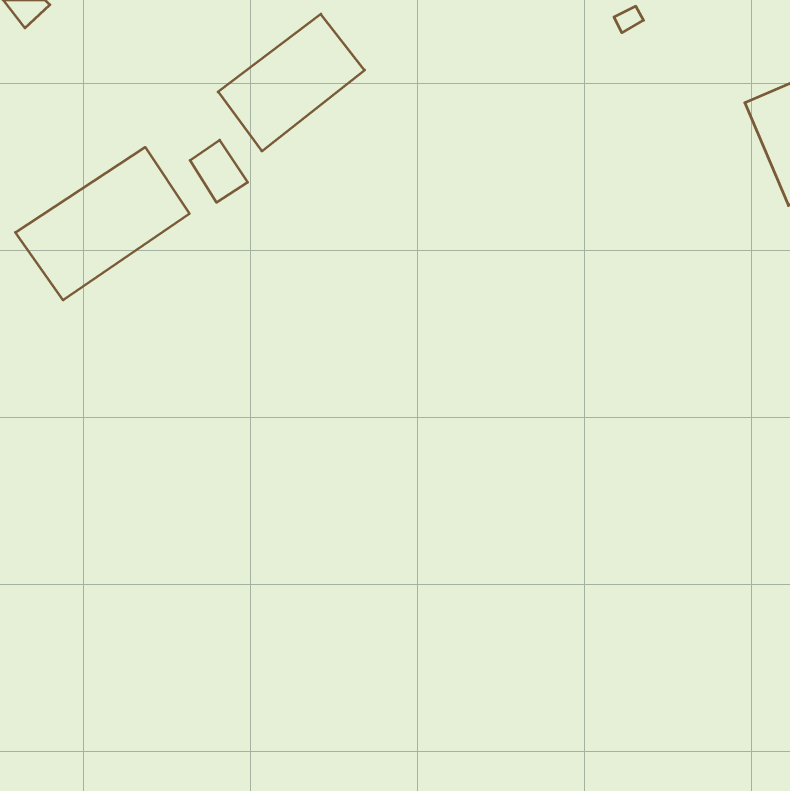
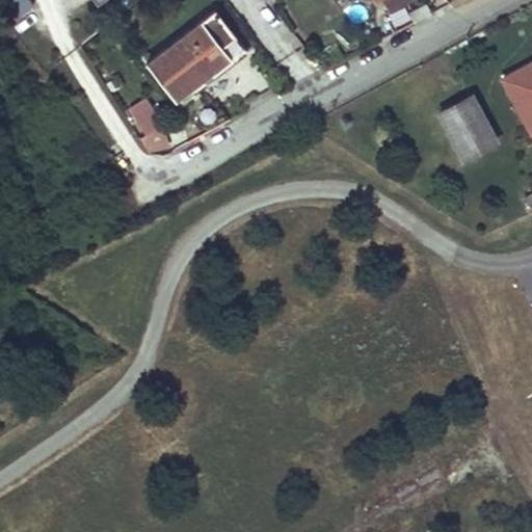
building: none -> [443,100,495,159]
building: [15,147,189,300] -> none

